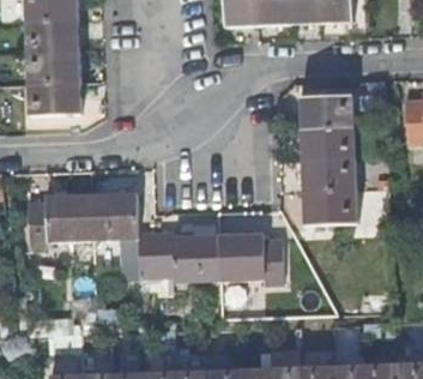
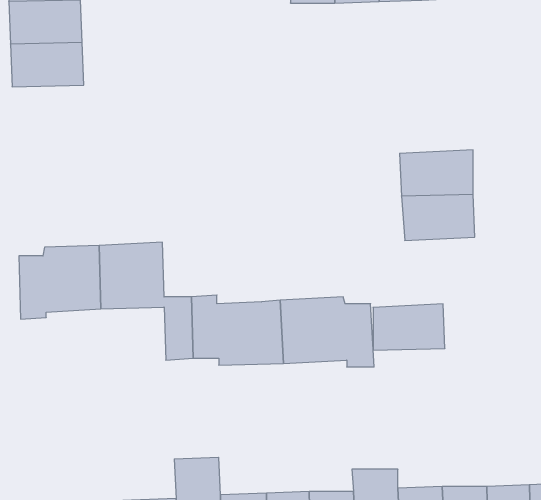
building: [30,82,80,114] -> none
building: [301,98,353,130] -> none
building: [306,188,356,221] -> [373,304,445,350]

